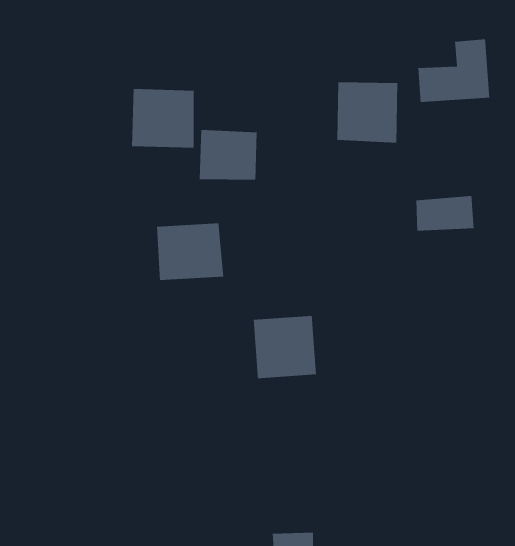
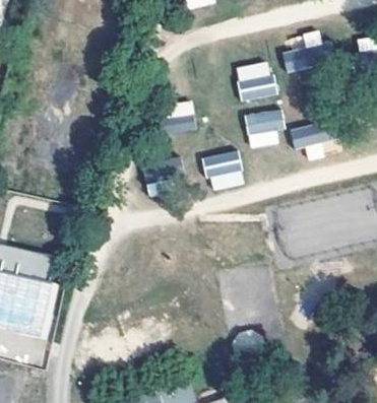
building: [131,88,194,149] -> none
building: none -> [244,109,285,148]
building: [253,315,317,379] -> [203,150,245,192]

